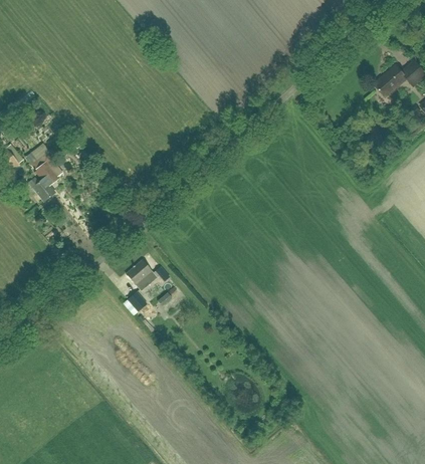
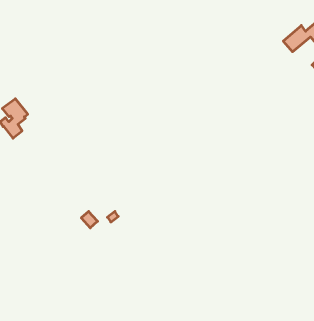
building: [126,259,160,291] -> none

